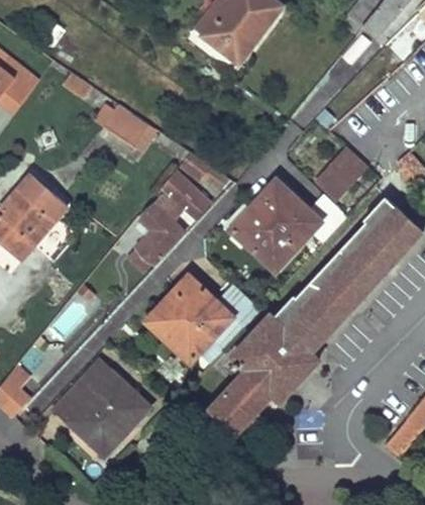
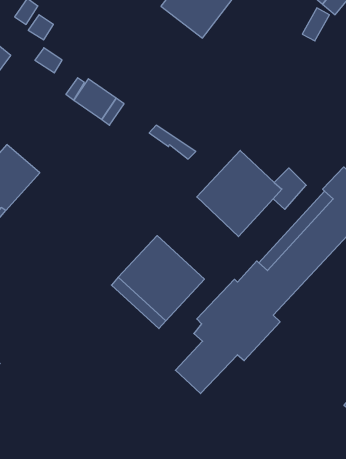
building: [316,150,362,199] -> none
building: [126,188,207,272] -> none
building: [52,358,153,460] -> none

